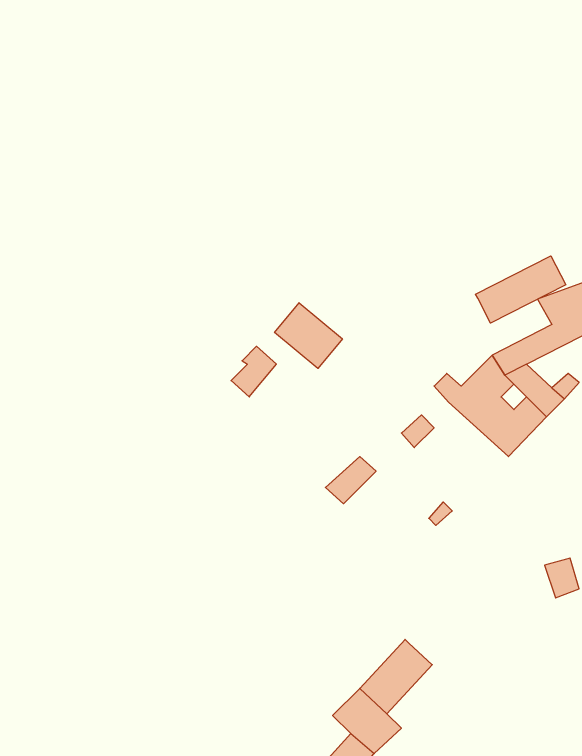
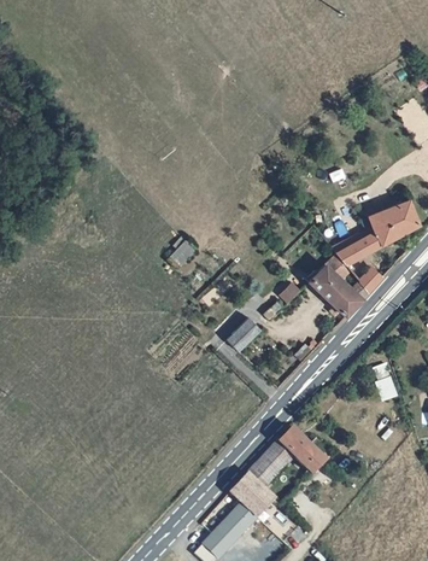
building: [475,256,566,323] -> none
building: [275,303,342,368] -> none
building: none -> [281,427,335,472]

